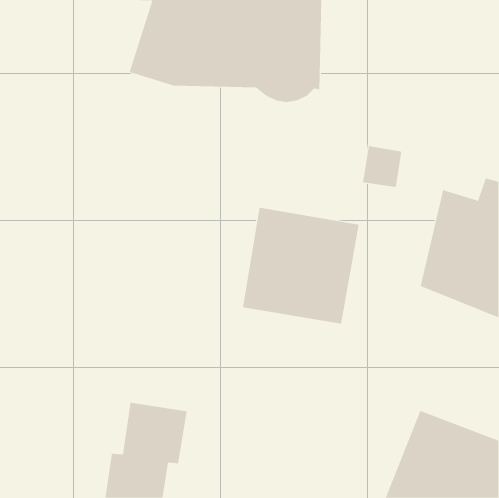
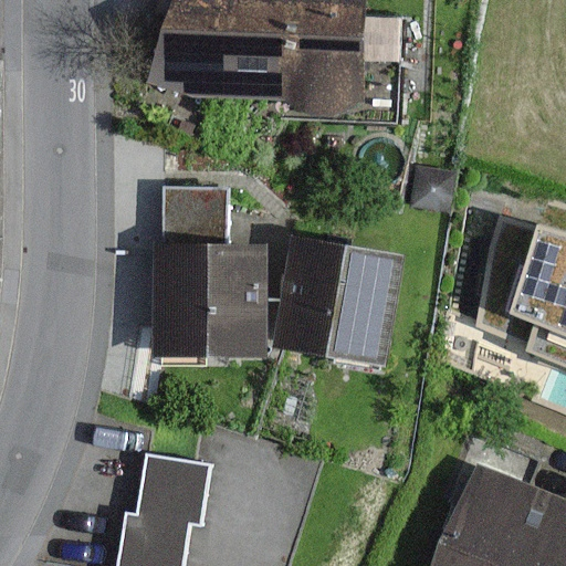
building: none -> [153,188,271,359]

